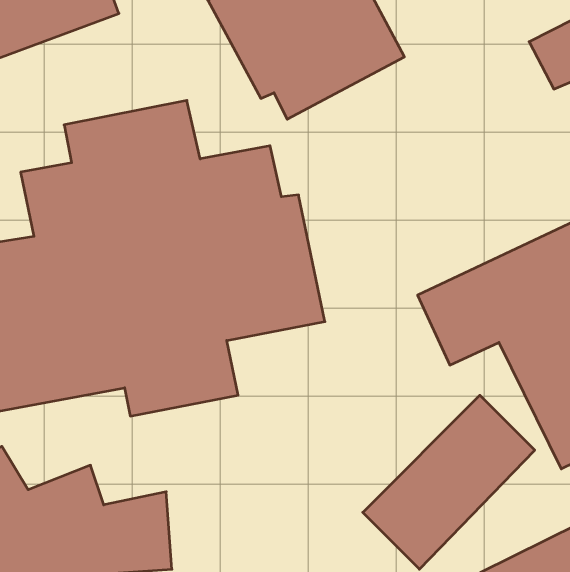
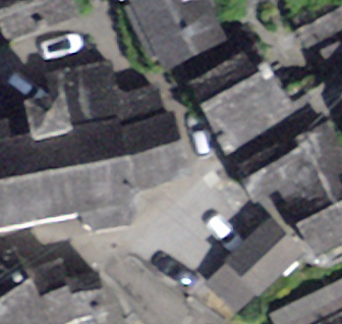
building: none -> [186,51,300,159]

